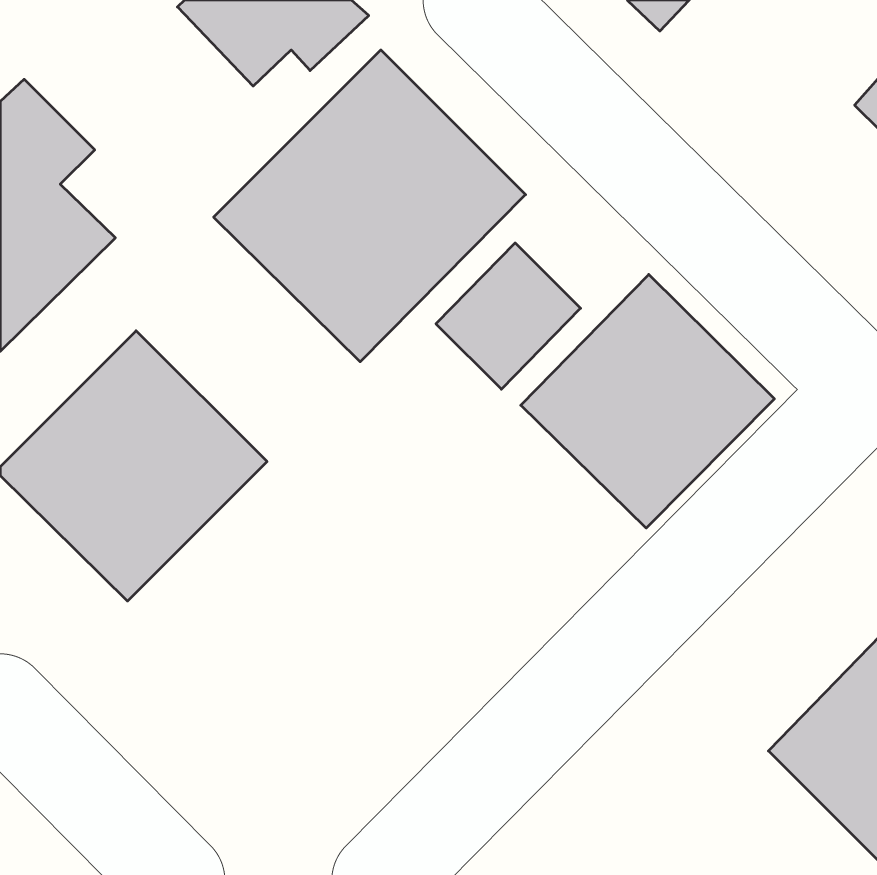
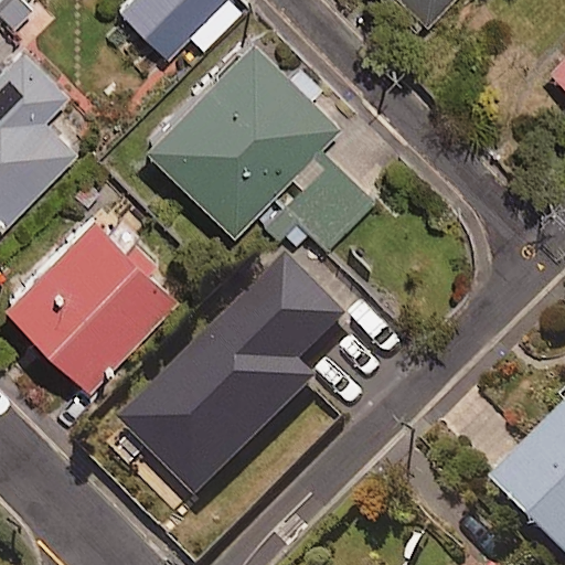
building: [521,274,774,528] -> none
building: none -> [116,255,345,498]

